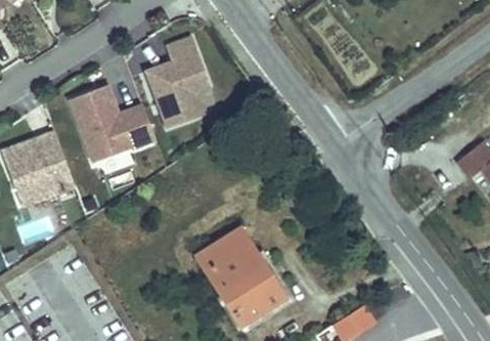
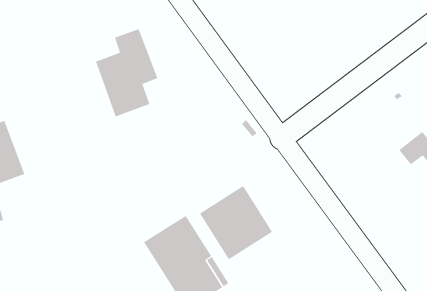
building: [71,85,157,162] -> none
building: none -> [199,185,273,260]

